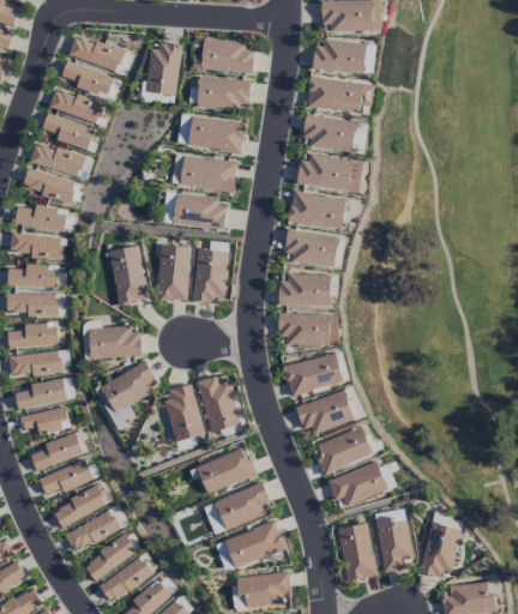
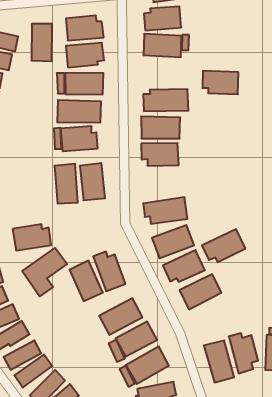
building: [302,113,356,152] -> [202,71,238,94]
building: [109,245,147,303] -> none
building: [278,273,331,305] -> none
building: [326,462,387,505] -> [202,229,245,262]

